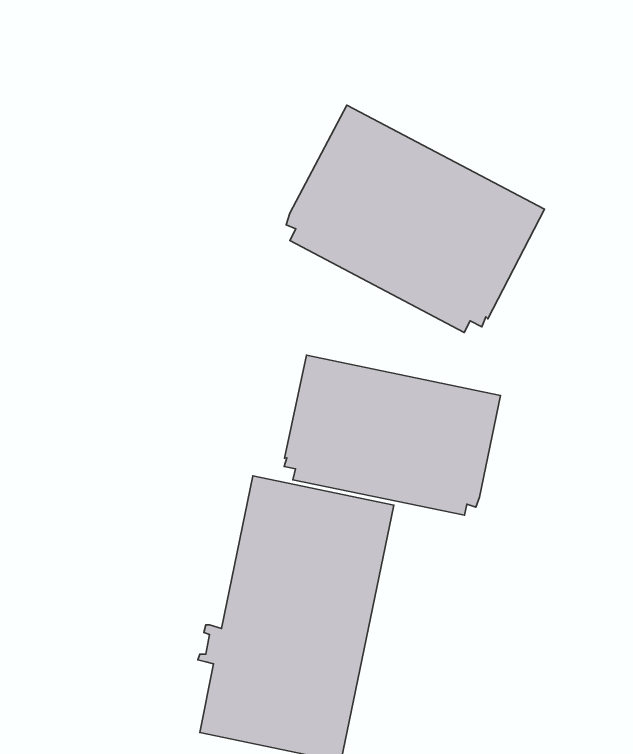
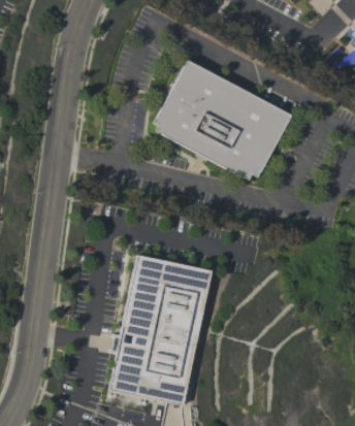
building: [284,355,501,515] -> none

